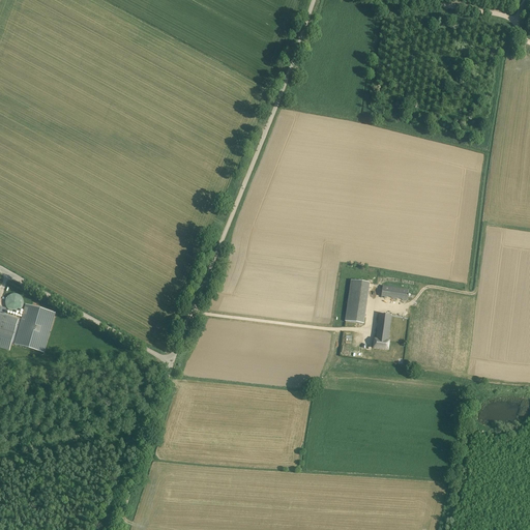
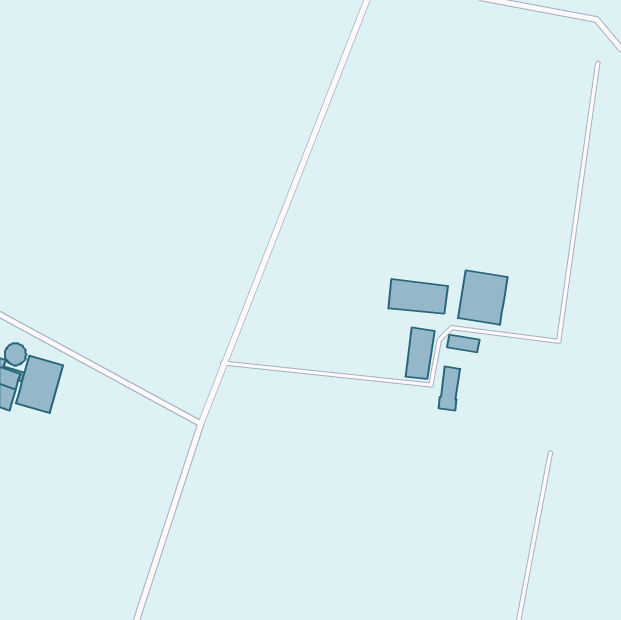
building: none -> [458,270,508,325]
building: none -> [389,279,448,314]

